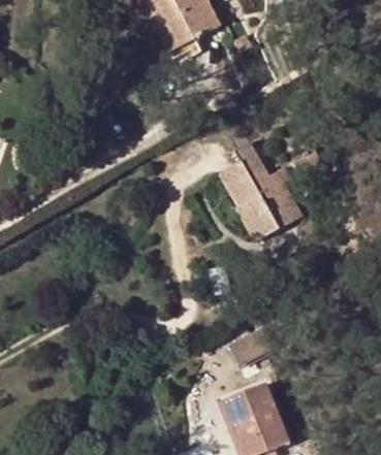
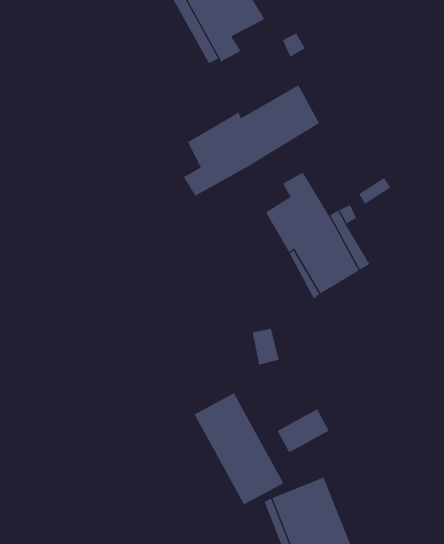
building: none -> [183,85,320,197]
building: none -> [194,392,284,505]

